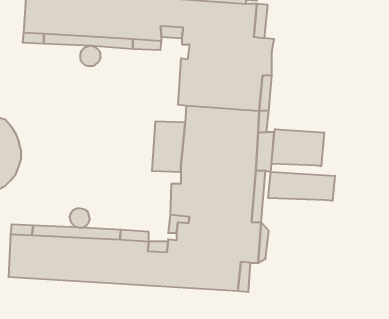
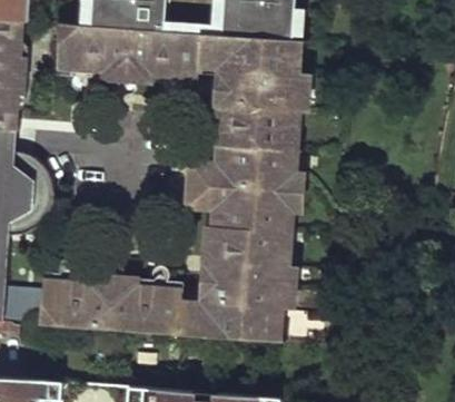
building: [272,129,324,166] -> none
building: [268,172,335,201] -> none

